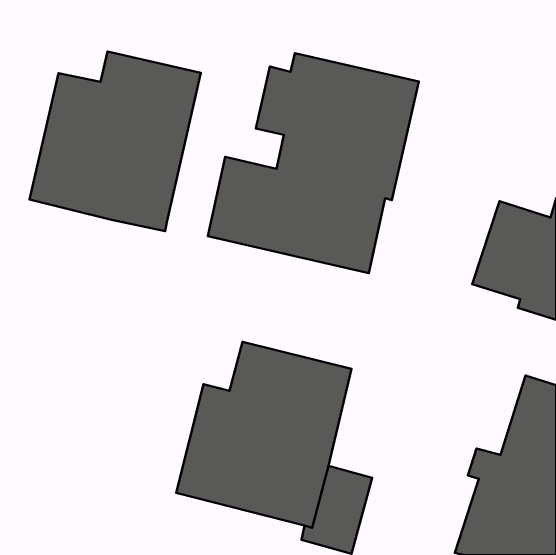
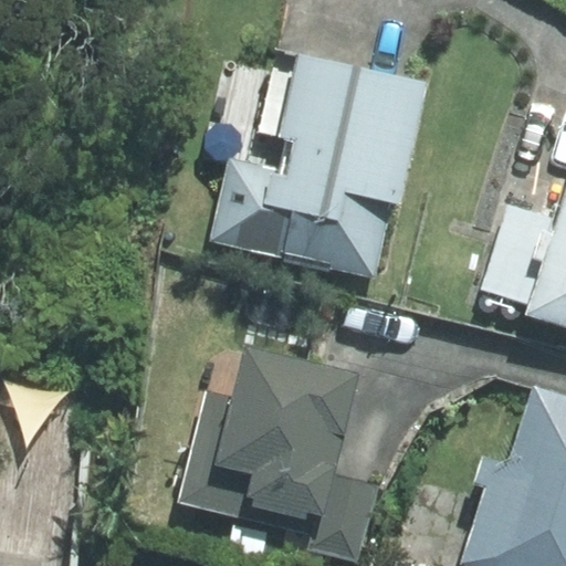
building: [29,52,201,231] -> none

